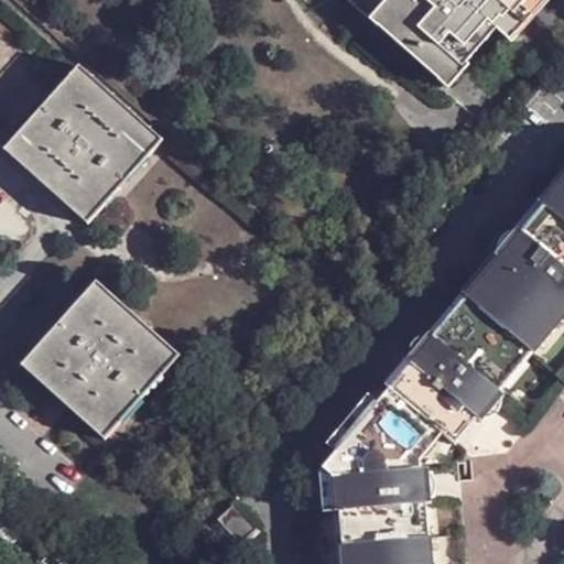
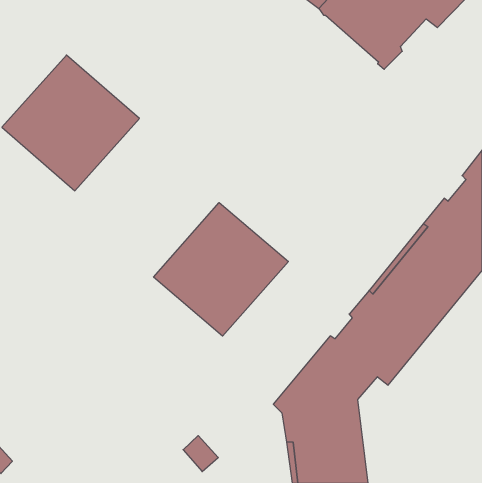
building: none -> [154,203,288,336]
building: [23,281,181,437] -> none

